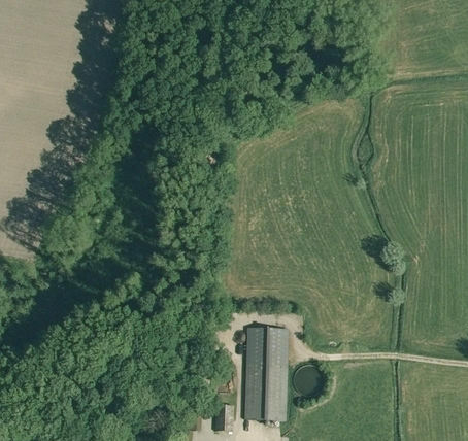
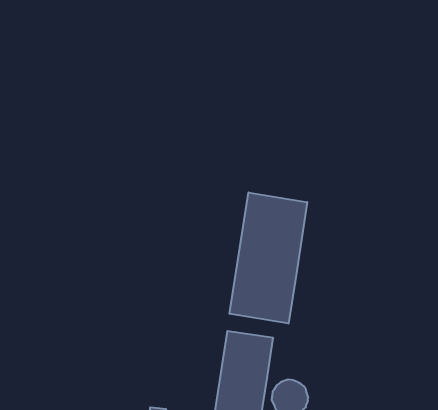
building: none -> [230,192,307,324]

